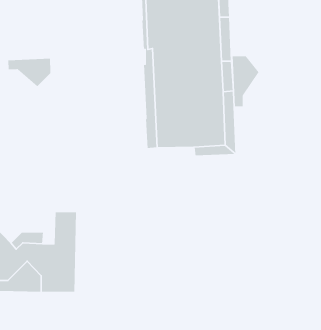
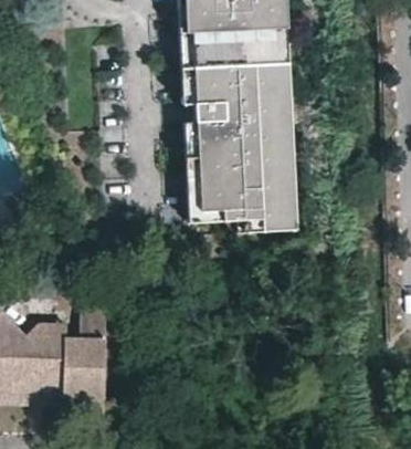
building: [232,55,260,107] -> none
building: [7,58,51,87] -> none

